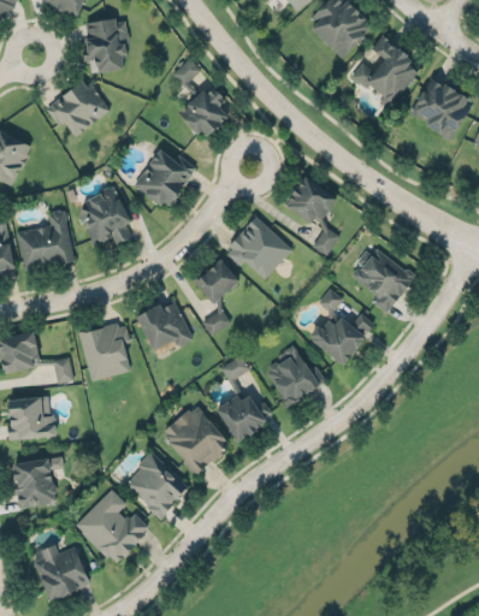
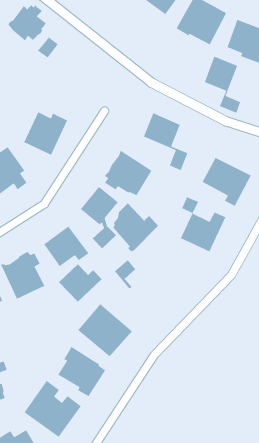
building: [178,90,227,137] -> [8,4,47,41]
building: none -> [204,56,241,114]
building: [266,345,325,408] -> [112,203,159,252]
building: [215,391,272,440] -> [58,263,103,303]

